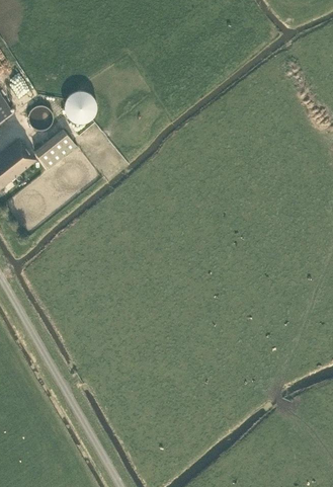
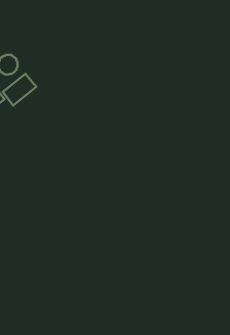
building: [66,92,96,123] -> none

